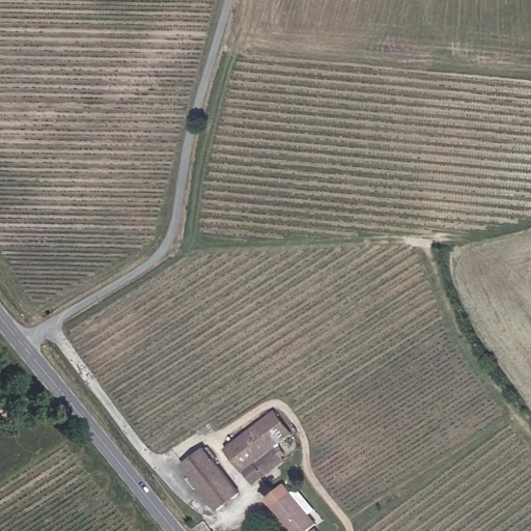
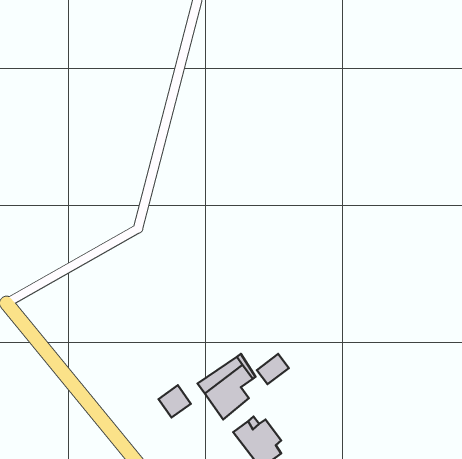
building: none -> [257,354,289,384]
building: [193,468,235,511] -> none

